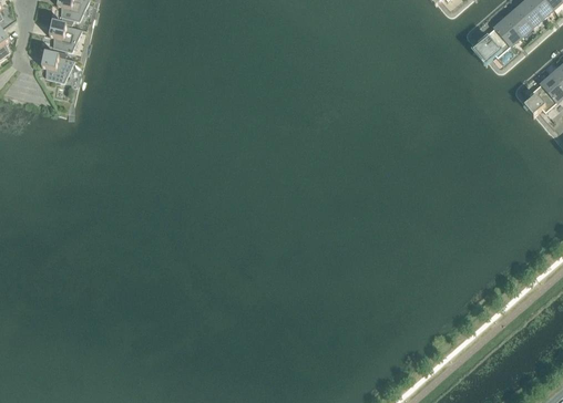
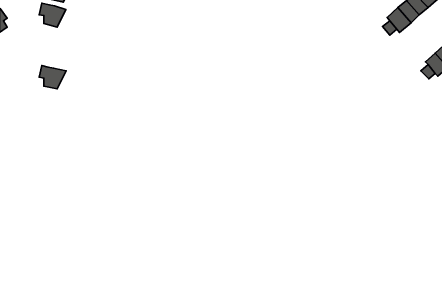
building: [42,50,75,79] -> [39,66,66,89]

